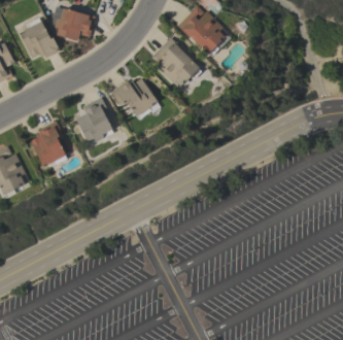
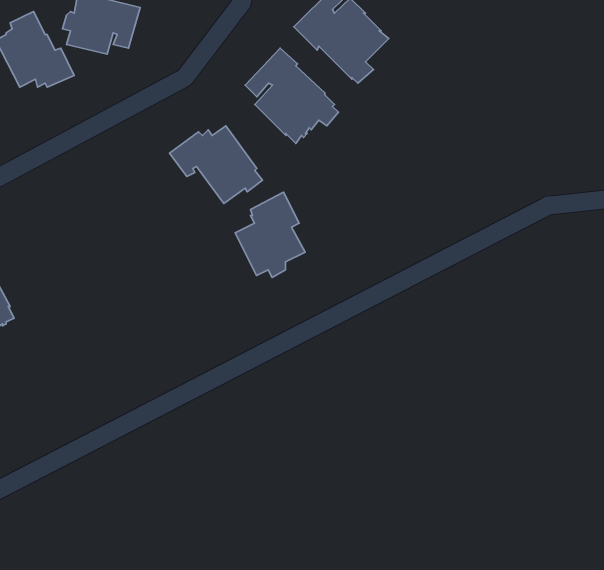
building: [75,97,112,142] -> [235,192,305,277]
building: [29,121,65,167] -> none

